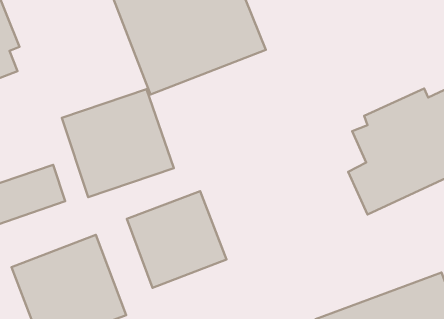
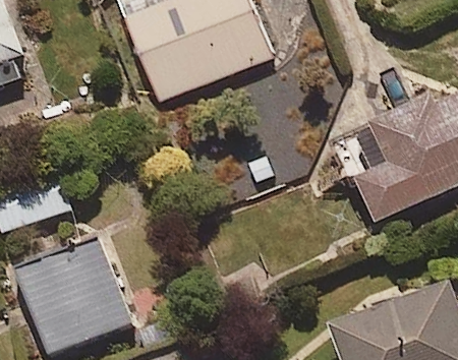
building: [62,89,174,197] -> none
building: [127,191,227,288] -> none

